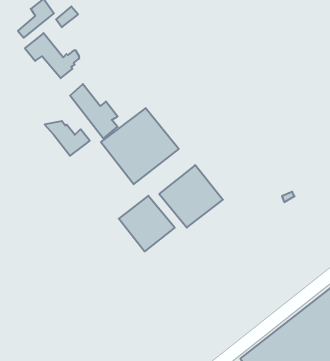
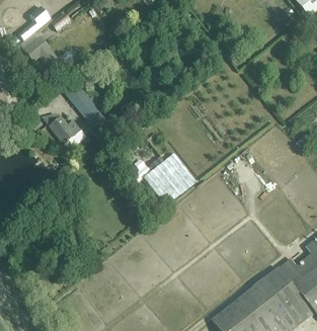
building: [101,108,179,184] -> none
building: [119,196,175,251] -> none

